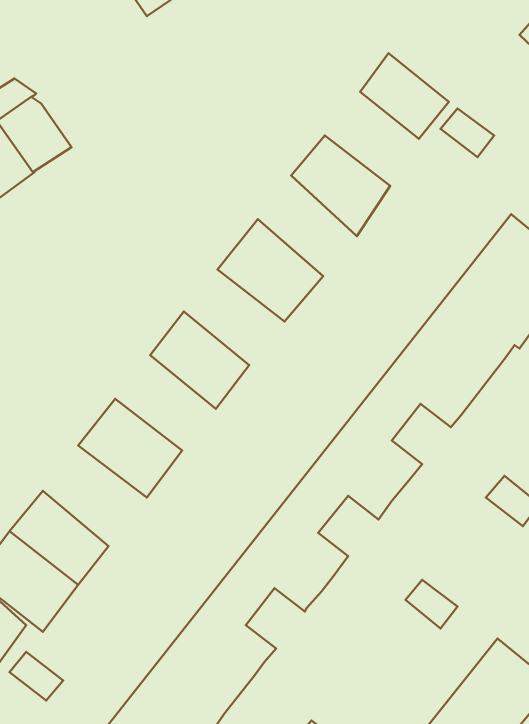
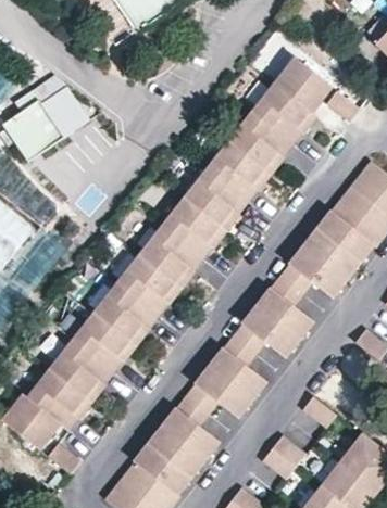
building: none -> [251,80,316,141]
building: none -> [208,135,272,200]
building: none -> [160,195,225,257]
building: none -> [115,251,180,313]
building: none -> [68,309,136,374]
building: none -> [263,435,307,479]

